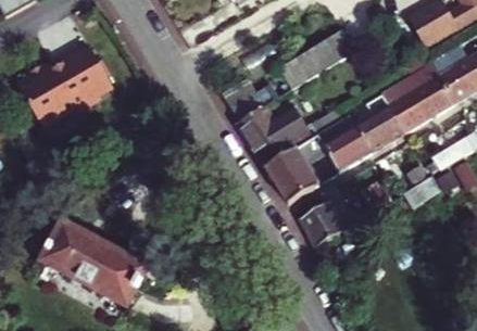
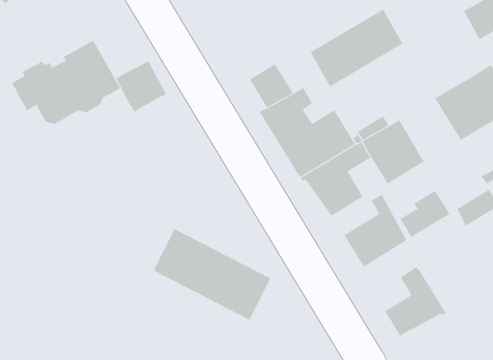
building: none -> [116,61,167,112]
building: [361,106,407,151] -> none
building: [36,226,139,306] -> [153,228,271,320]
building: none -> [385,266,447,336]

